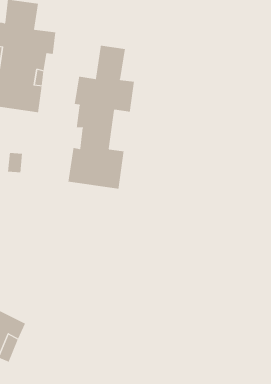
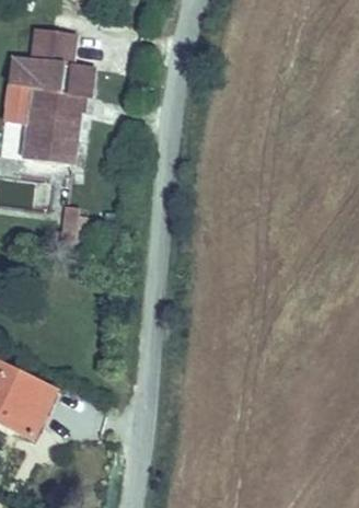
building: [68,45,134,189] -> none

